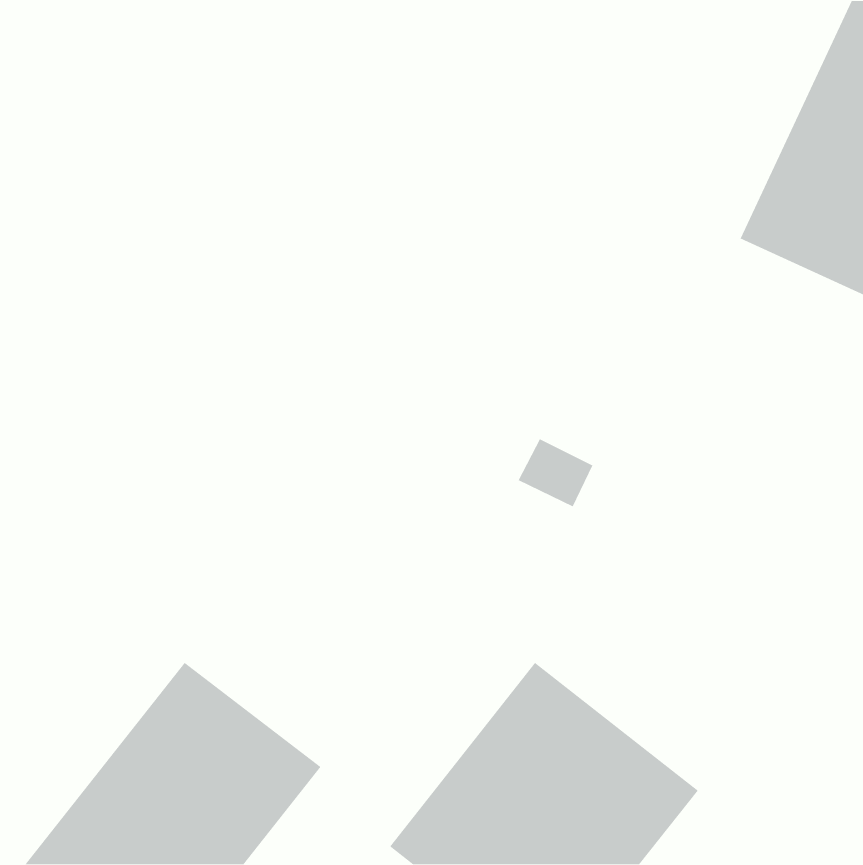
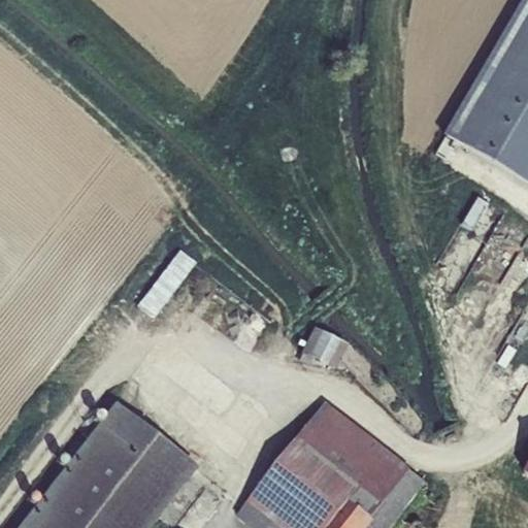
building: none -> [135,253,195,321]
building: [517,438,594,507] -> [301,328,348,370]

